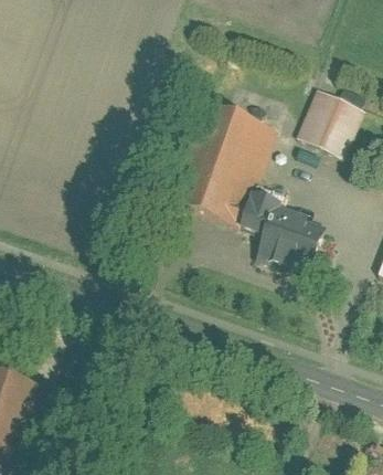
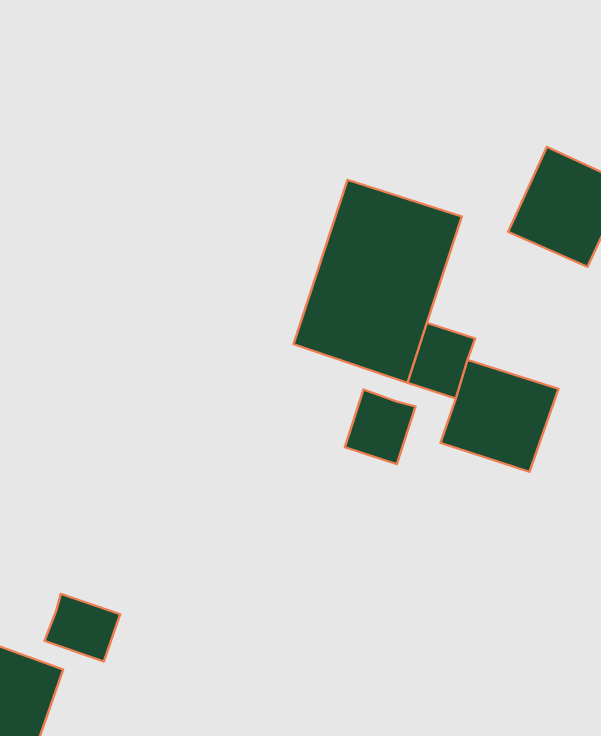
building: none -> [345,390,416,464]
building: none -> [45,594,120,662]

